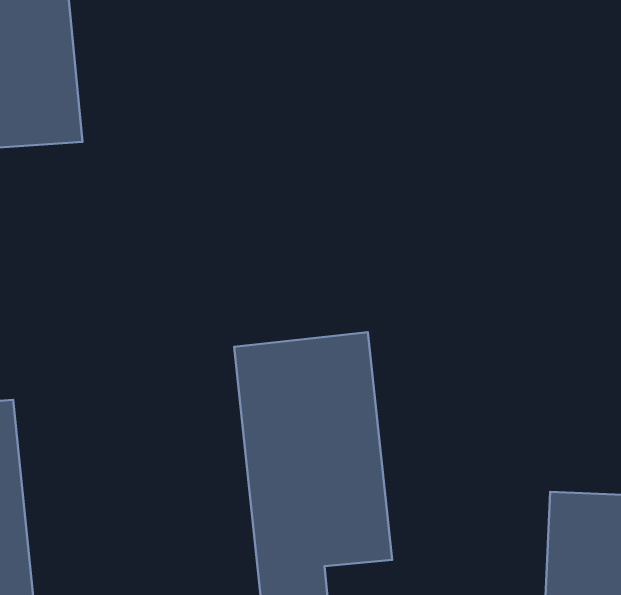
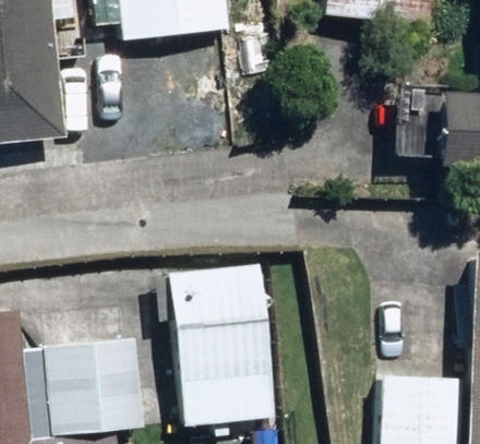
building: none -> [44,340,142,433]

